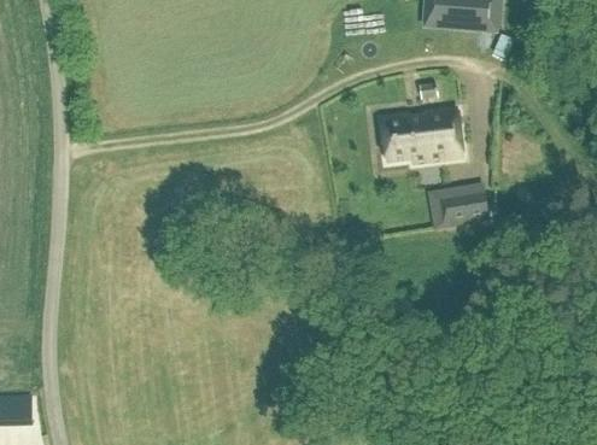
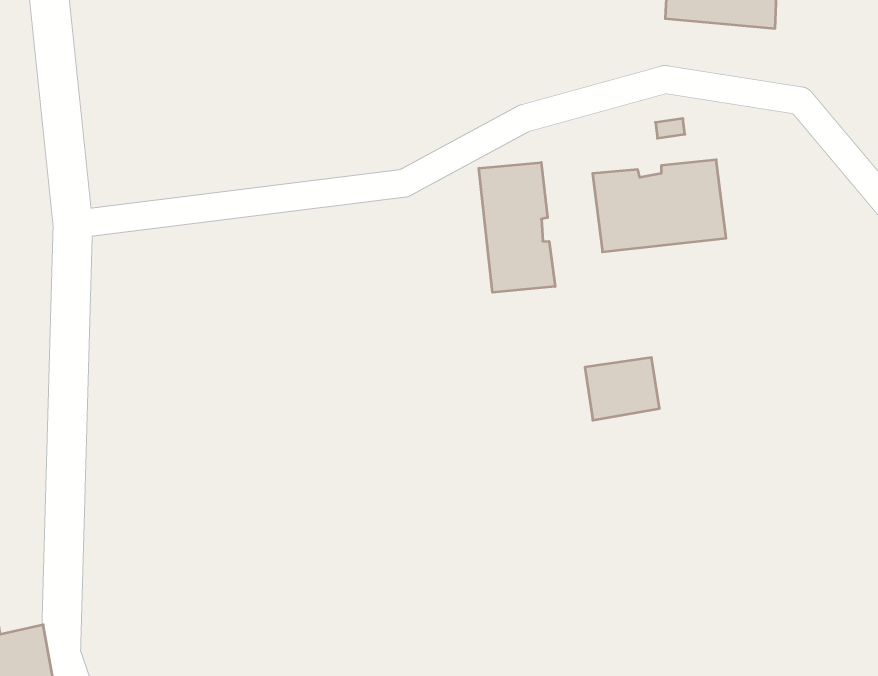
building: none -> [479,162,555,292]
building: [438,185,484,223] -> [585,358,659,420]

